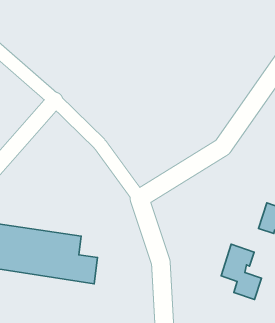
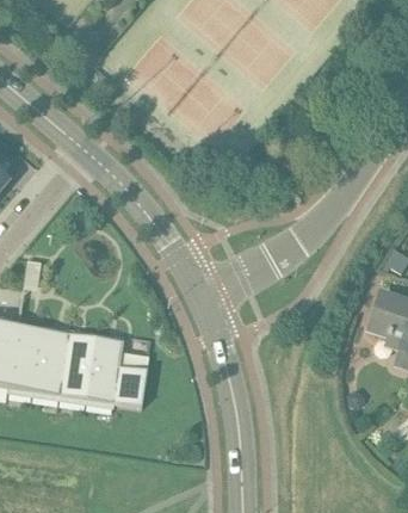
building: [221,244,262,299] -> none

